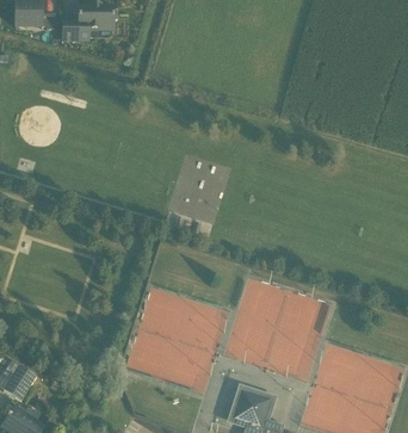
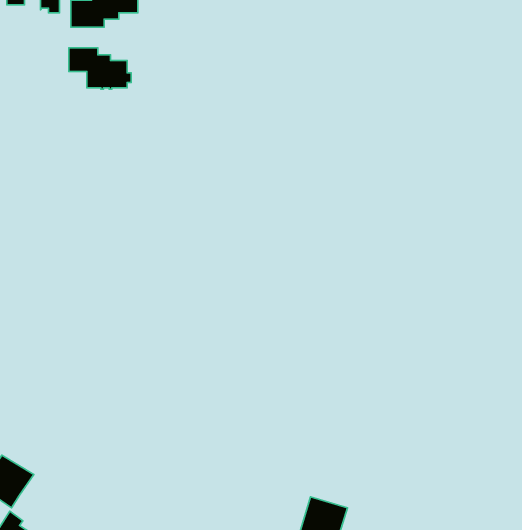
building: none -> [69,48,131,89]

